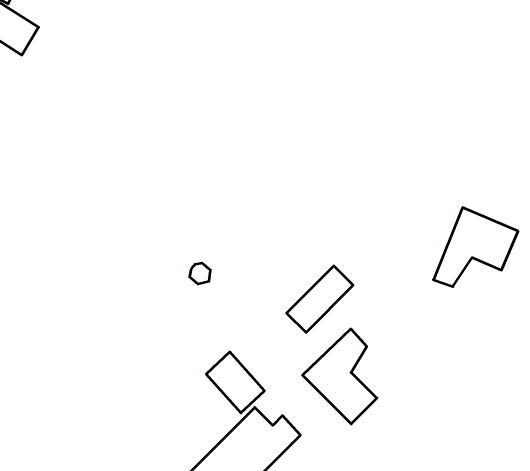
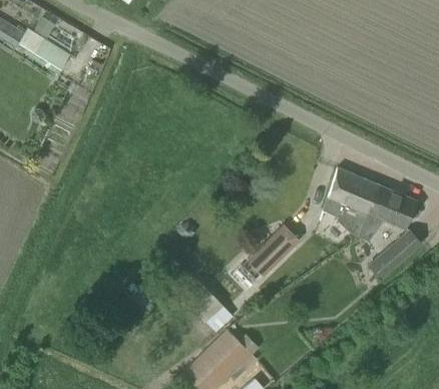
building: none -> [321,168,377,237]
building: none -> [369,232,421,280]
building: [303,329,377,424] -> none

